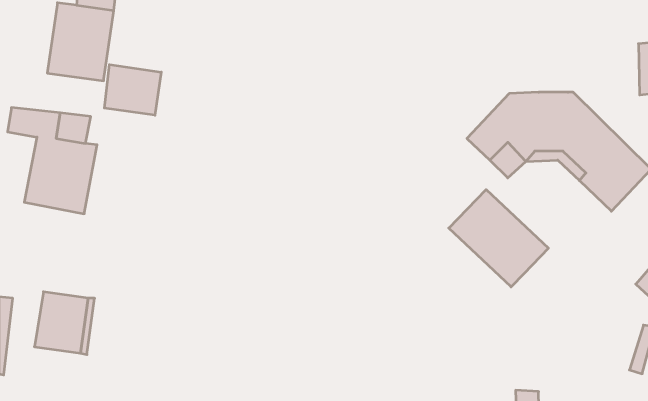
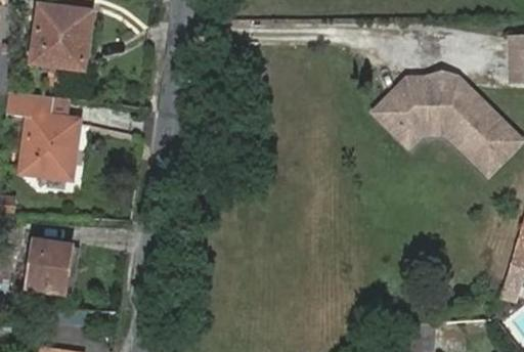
building: [104,65,161,115] -> none
building: [449,190,548,287] -> none

